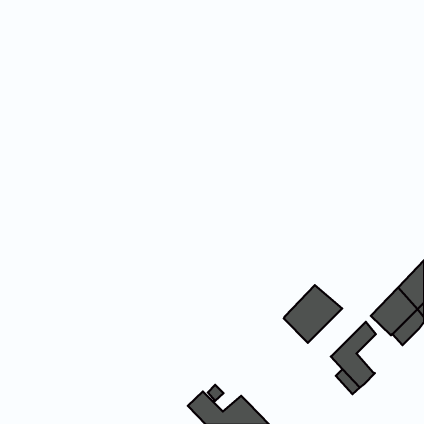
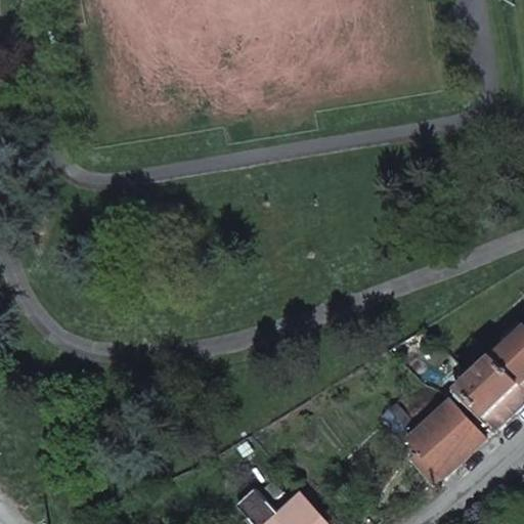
building: [284,285,342,343] -> none
building: none -> [439,412,484,461]

